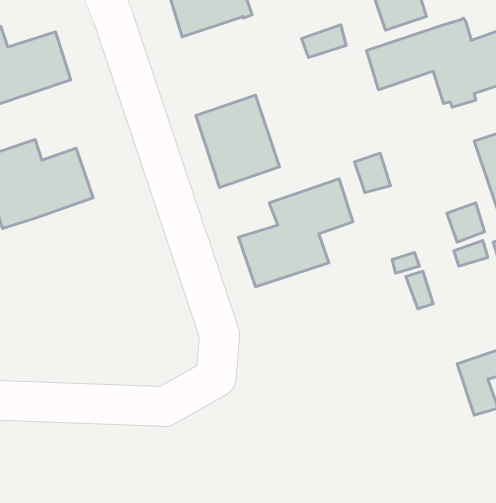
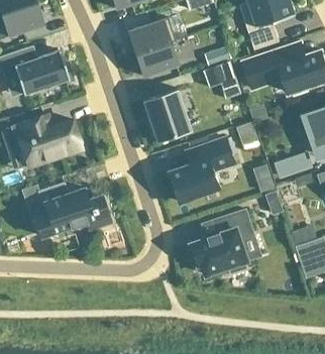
building: none -> [134,41,179,77]
building: none -> [202,60,244,98]
building: none -> [34,181,111,236]
building: none -> [190,209,253,274]

